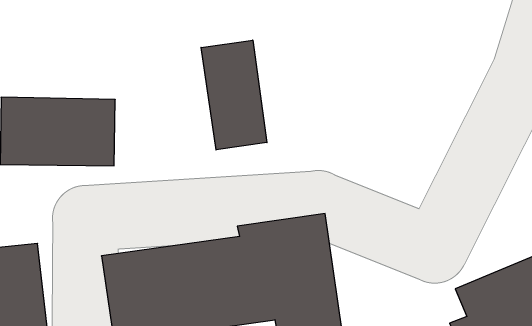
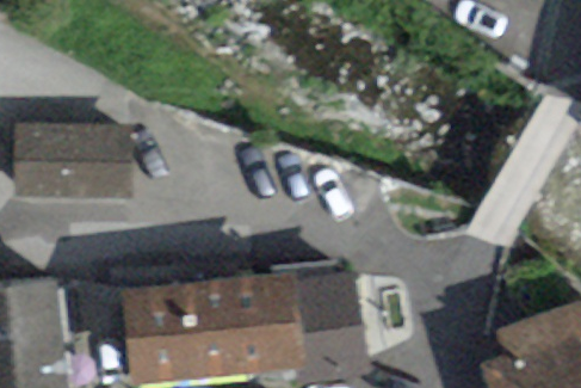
building: [201,40,267,150] -> none

